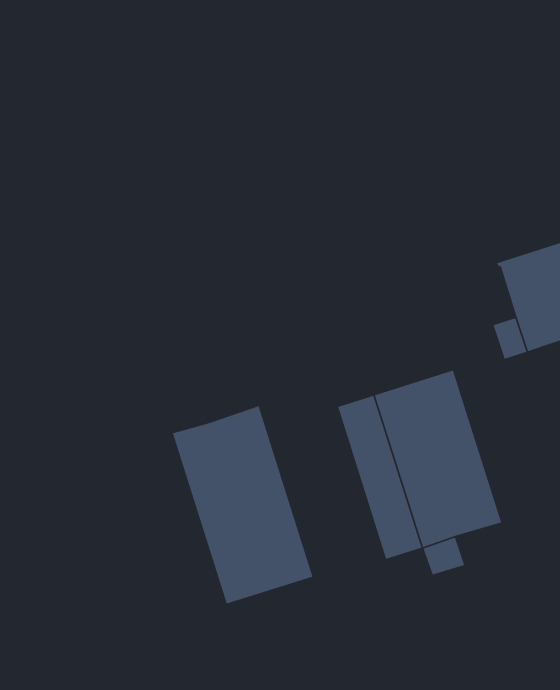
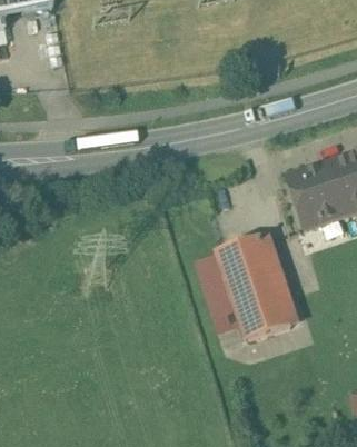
building: [172,405,314,605] -> none

